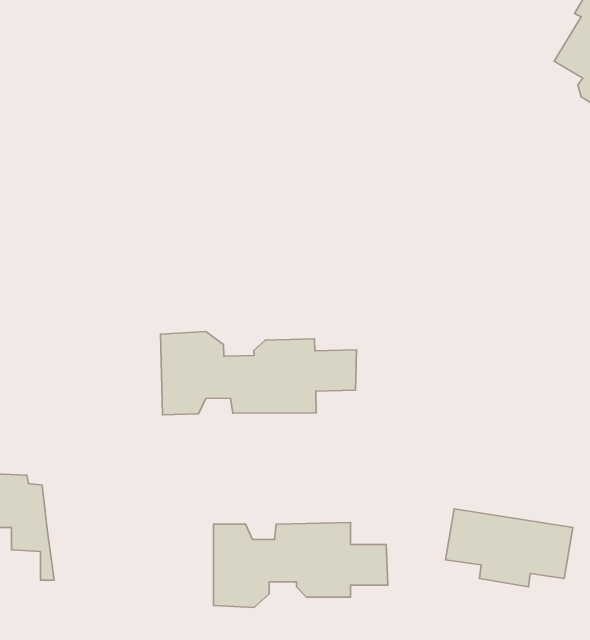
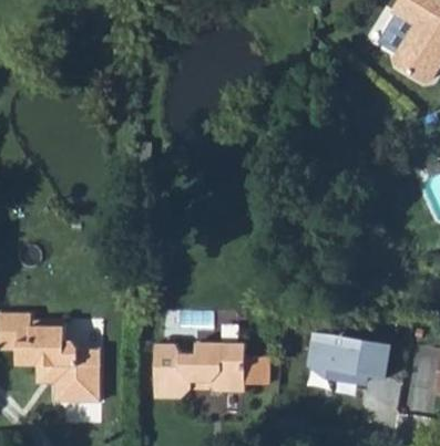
building: [160,331,356,415] -> none
building: none -> [42,319,102,401]

